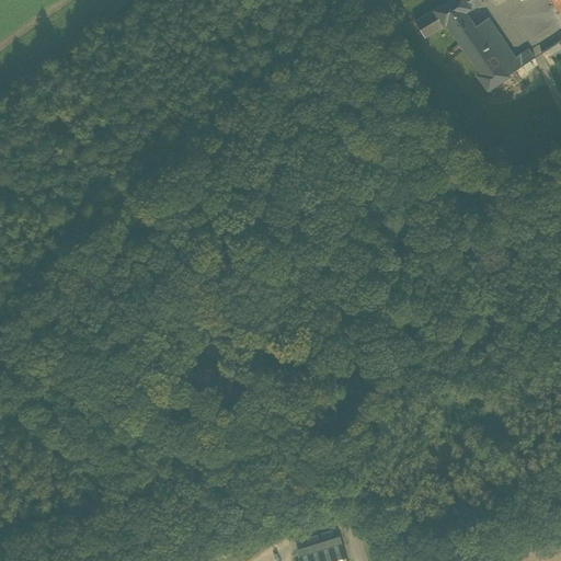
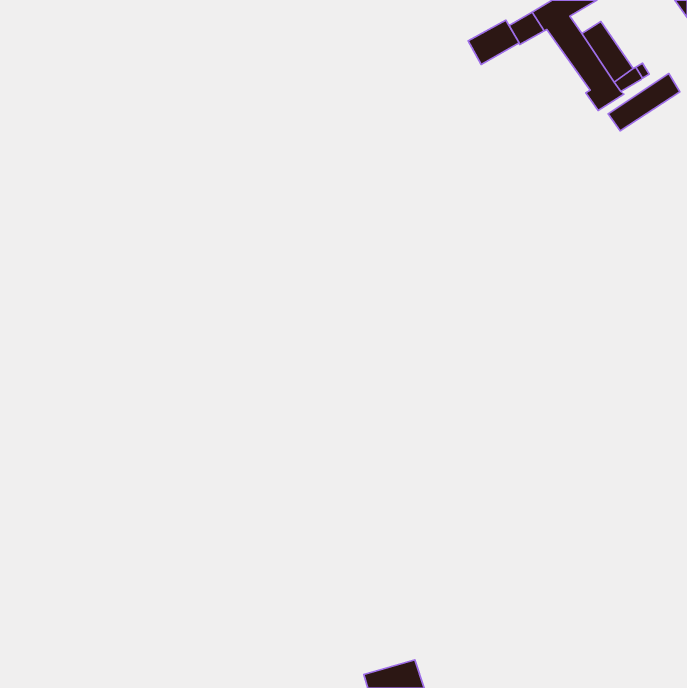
building: none -> [468,20,519,65]
building: none -> [608,73,680,131]

